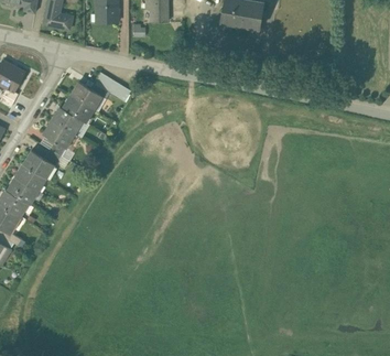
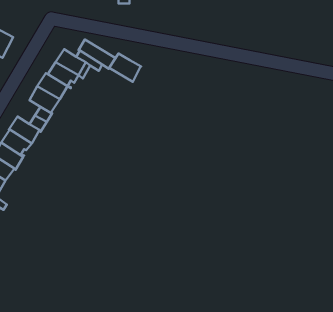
building: none -> [109,54,141,82]

